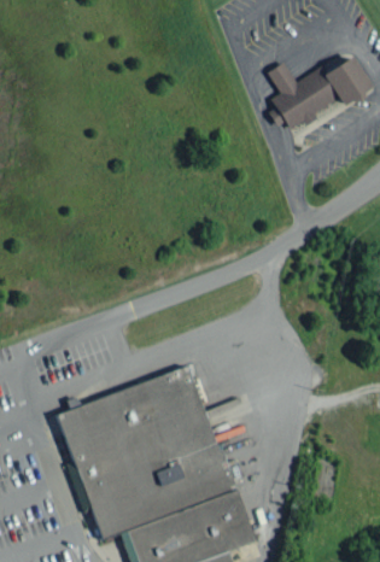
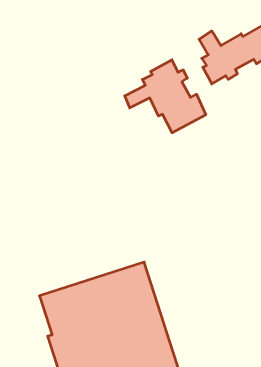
building: none -> [125,60,206,133]

